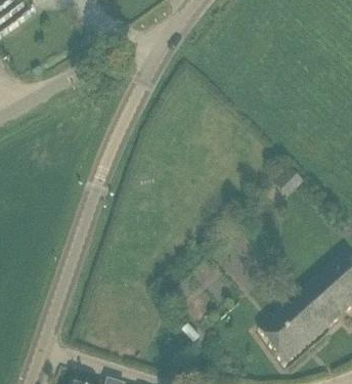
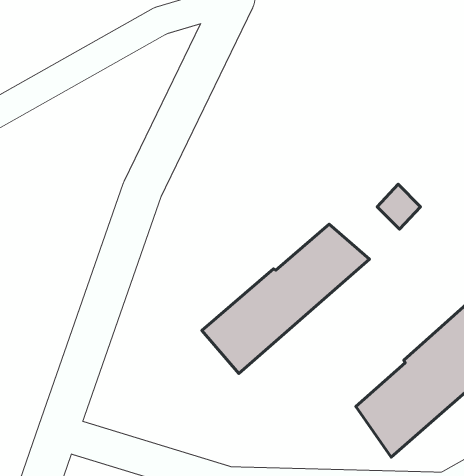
building: none -> [202,224,370,374]

